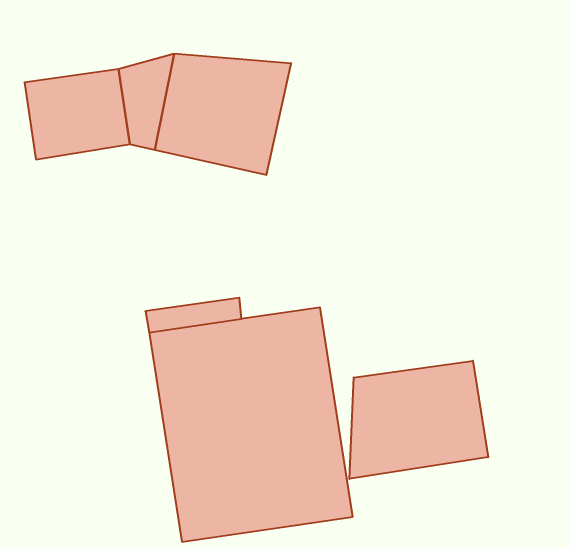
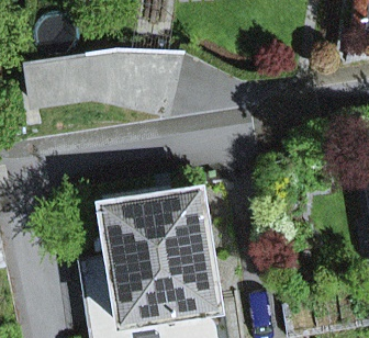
building: [349,361,488,479] -> none

